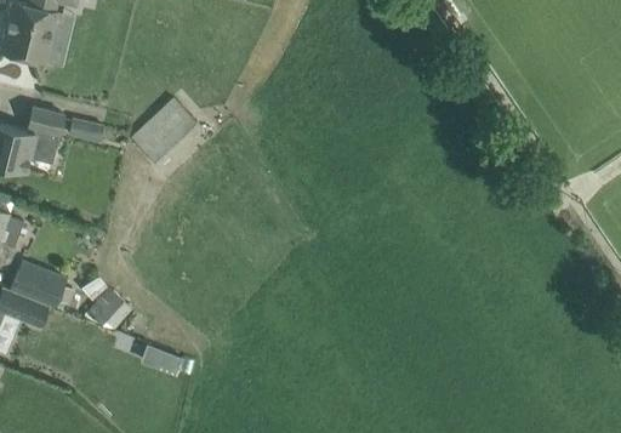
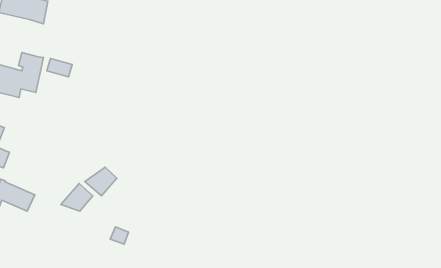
building: [129,96,195,161] -> none
building: [8,260,65,308] -> none
building: none -> [85,167,117,196]

